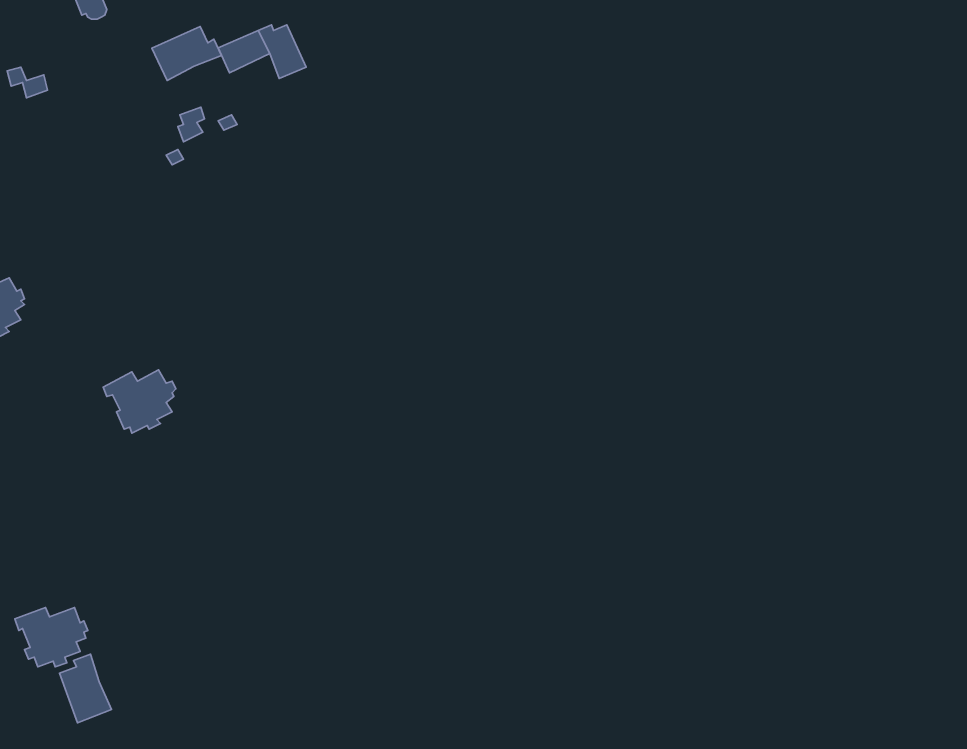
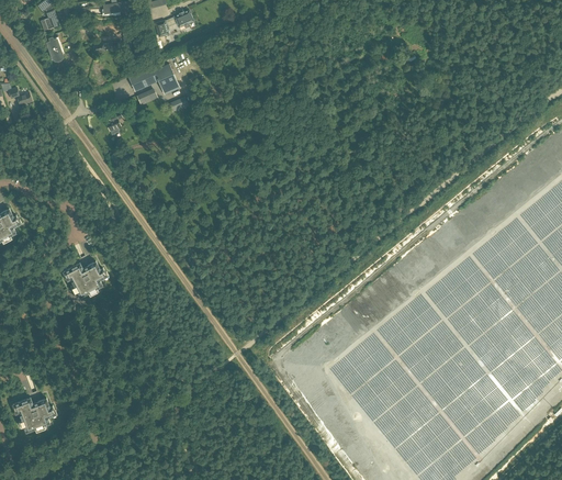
building: [152,27,221,81] -> none
building: [60,654,111,723] -> none

